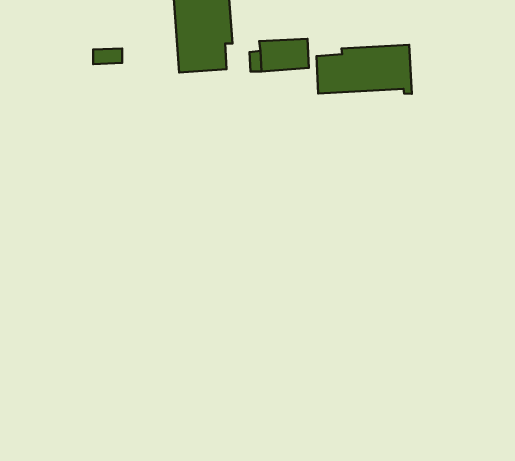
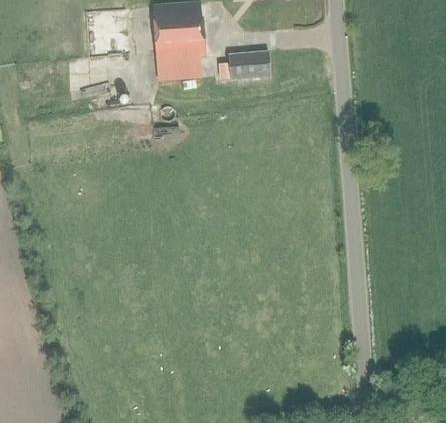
building: [316,45,412,94] -> none

